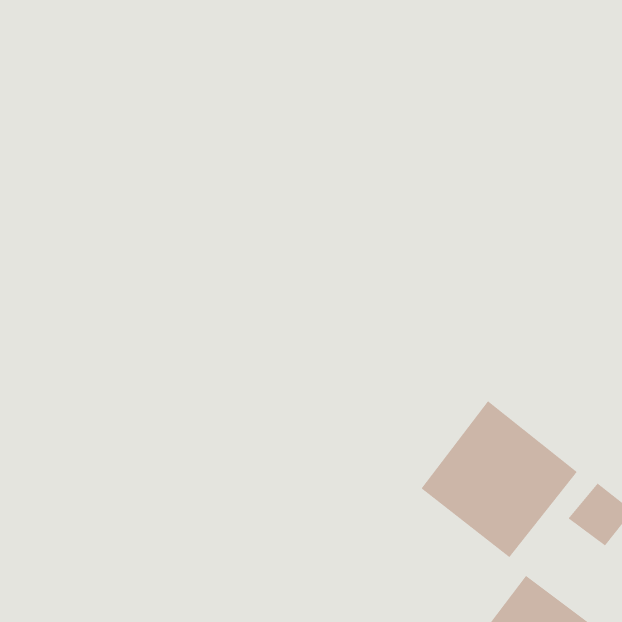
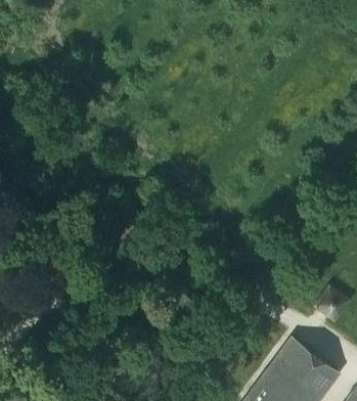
building: [420,400,578,558] -> none

